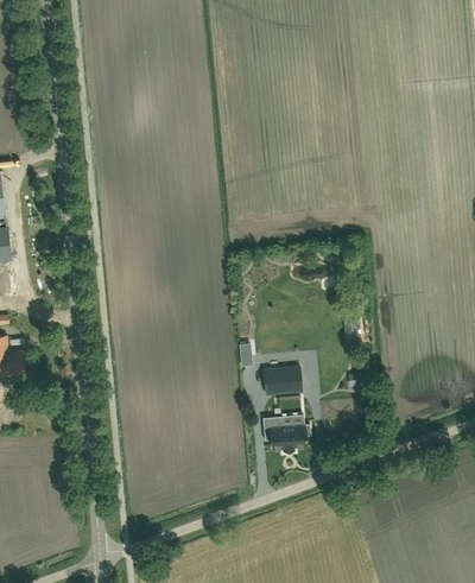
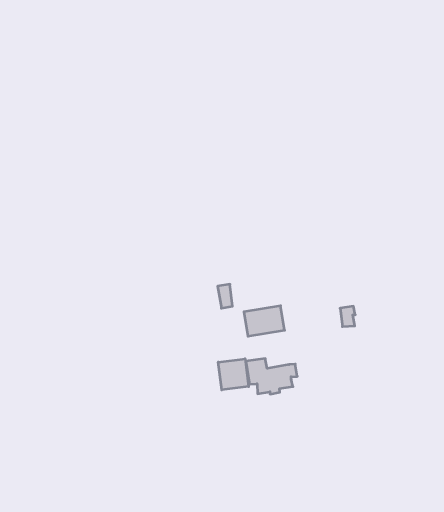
building: none -> [218,359,249,390]

